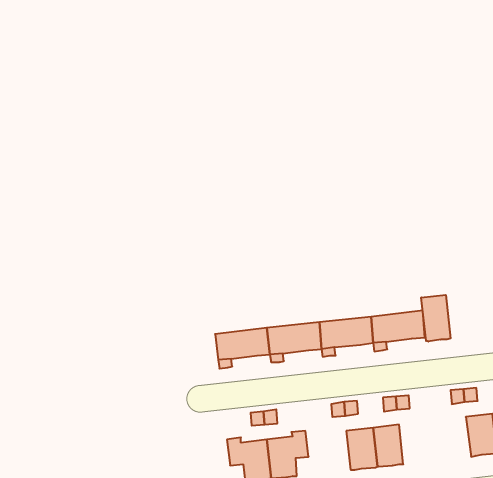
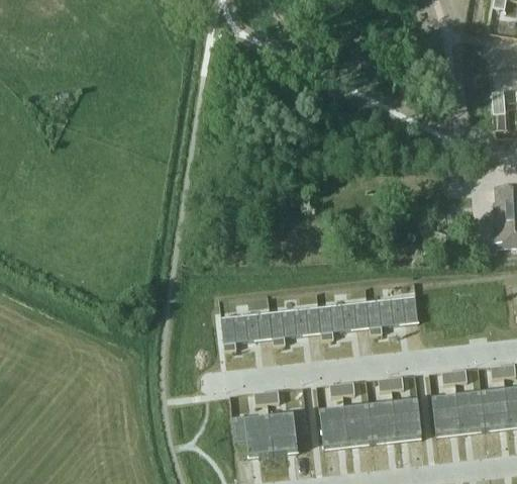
building: [421,295,451,342] -> none
building: none -> [432,395,461,434]
building: none -> [394,399,422,440]
building: none -> [320,408,348,448]

